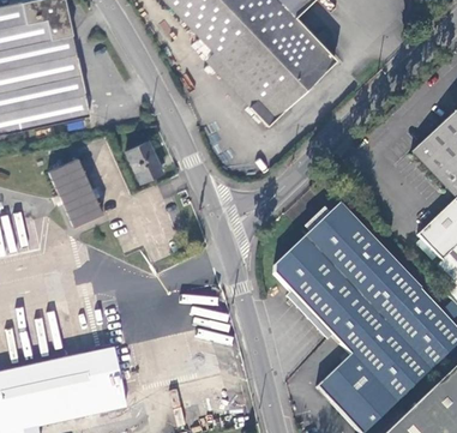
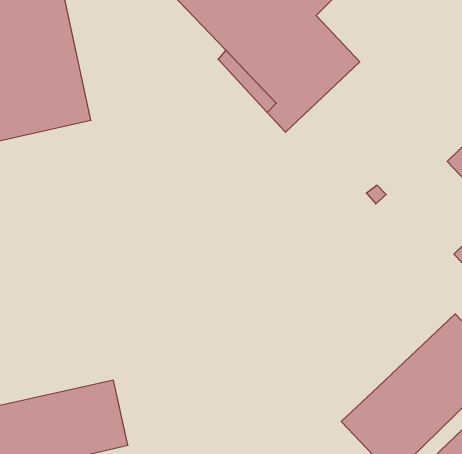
building: [124,140,158,181] -> none
building: [48,156,103,224] -> none
building: [275,204,421,354] -> none

